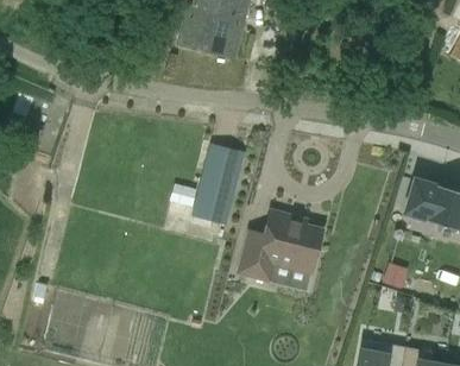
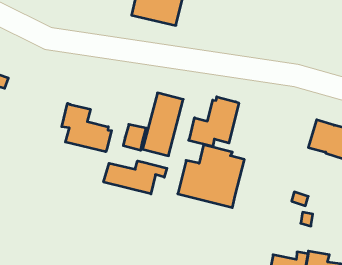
building: none -> [189,97,239,147]
building: none -> [62,103,112,152]
building: none -> [104,161,167,194]

